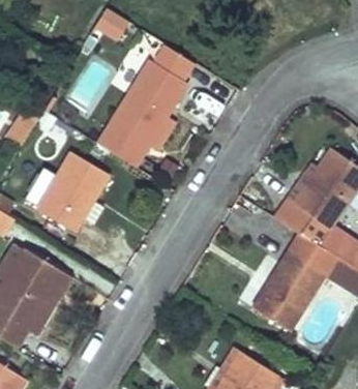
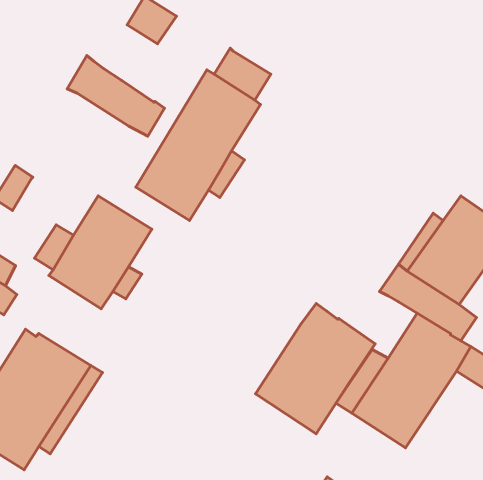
building: none -> [67,55,165,136]
building: none -> [256,303,375,434]

